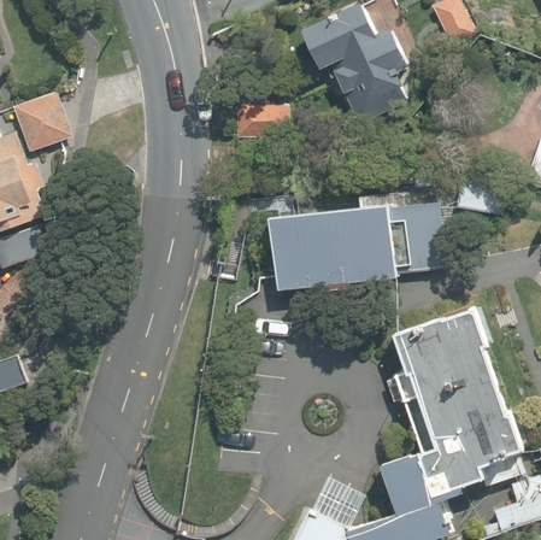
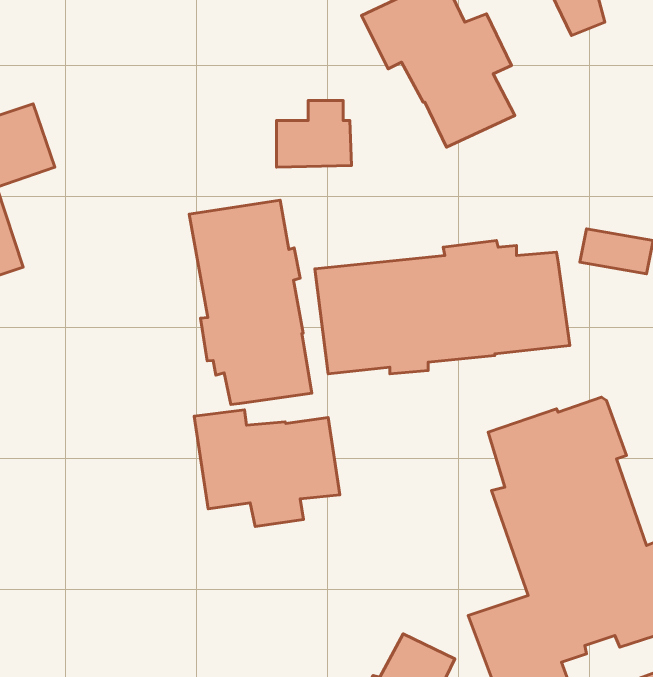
building: none -> [189,200,312,404]
building: none -> [194,410,340,526]

